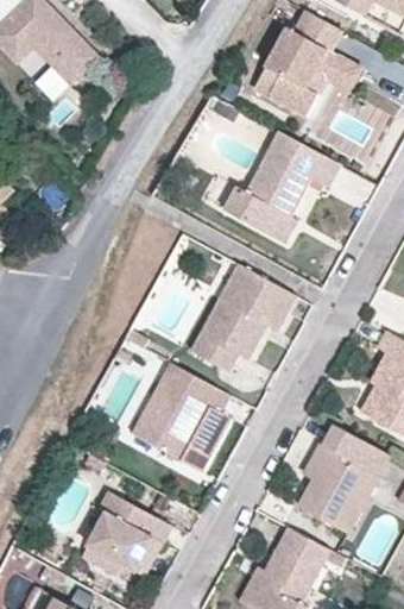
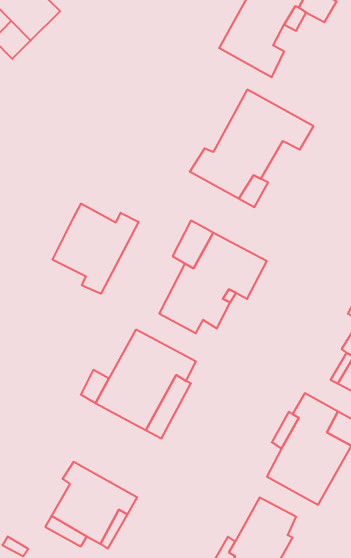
building: none -> [53,204,139,294]

